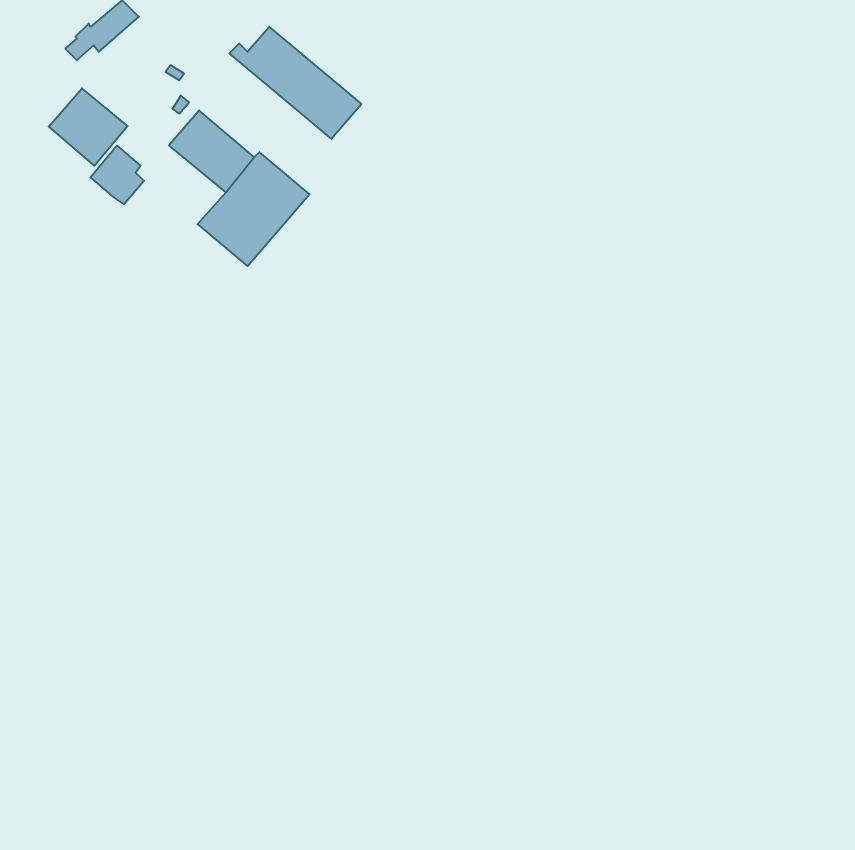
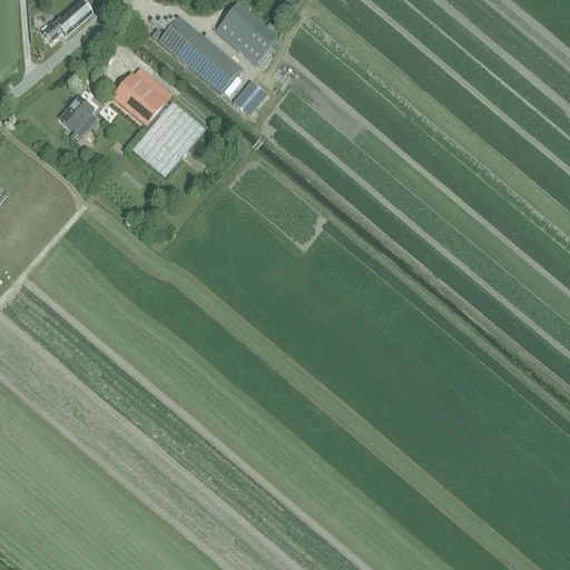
building: none -> [216,4,277,63]
building: [49,88,128,166] -> none
building: none -> [234,81,266,115]

